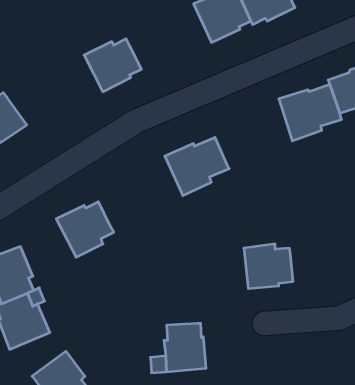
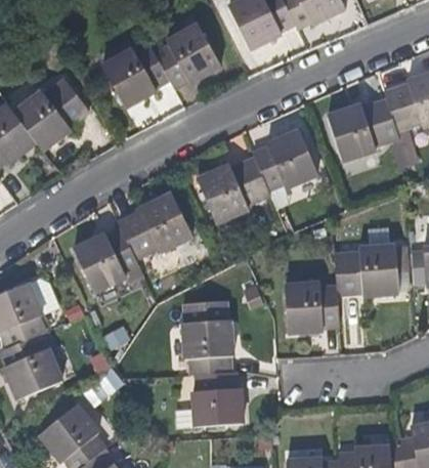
building: none -> [155,27,221,89]
building: none -> [14,81,90,151]
building: none -> [250,129,315,190]
building: none -> [116,195,189,259]
building: none -> [335,242,399,293]
building: none -> [182,301,232,374]

